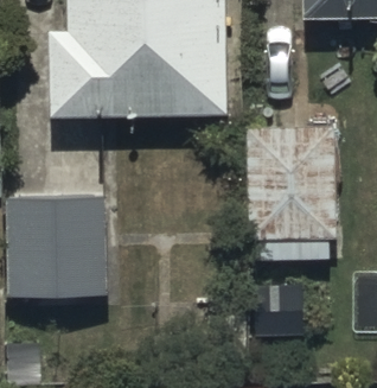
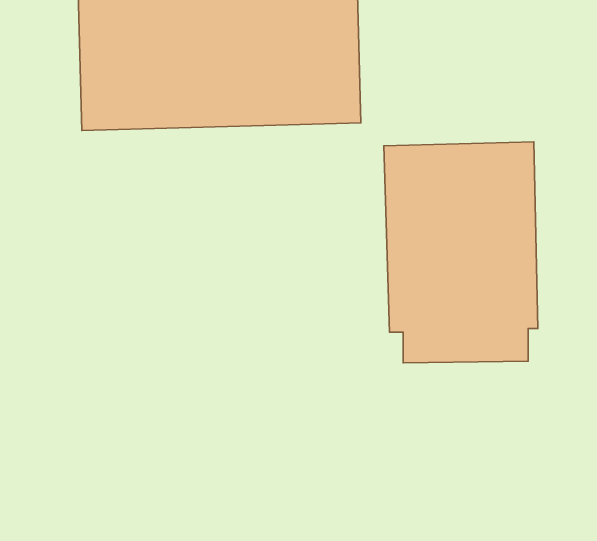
building: [13,205,115,298] -> none

